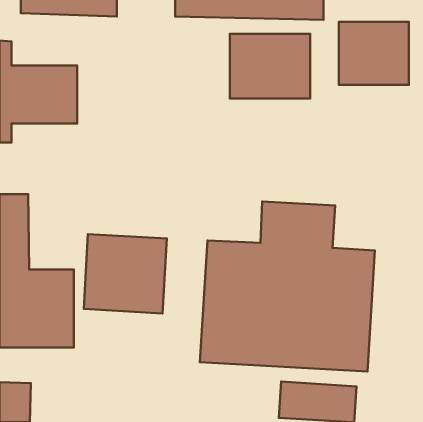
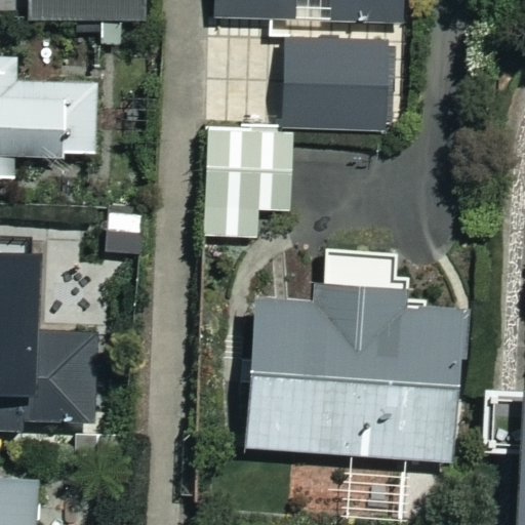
building: [339,22,409,85] -> none
building: none -> [205,129,291,237]
building: [84,234,167,313] -> none

